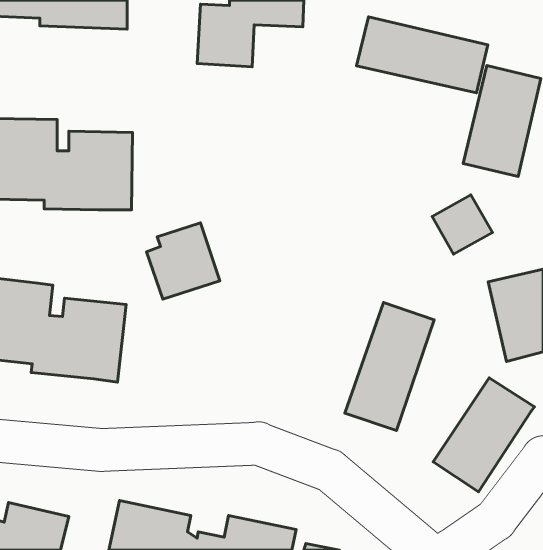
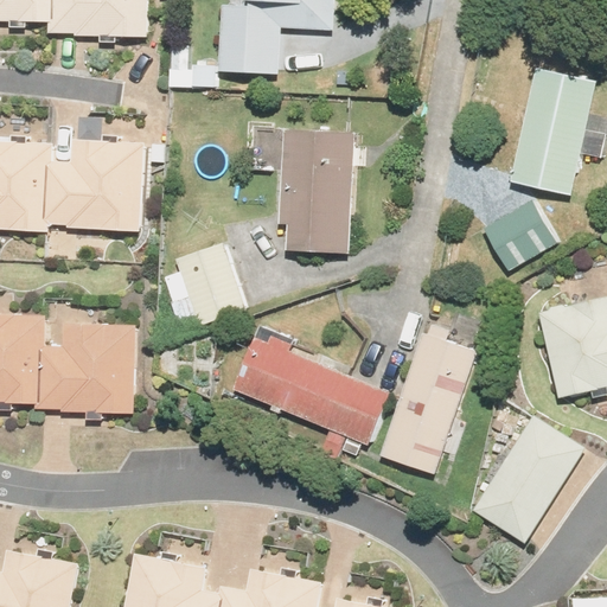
building: [357,17,488,93] -> none
building: none -> [280,130,354,251]
building: none -> [234,337,389,445]

